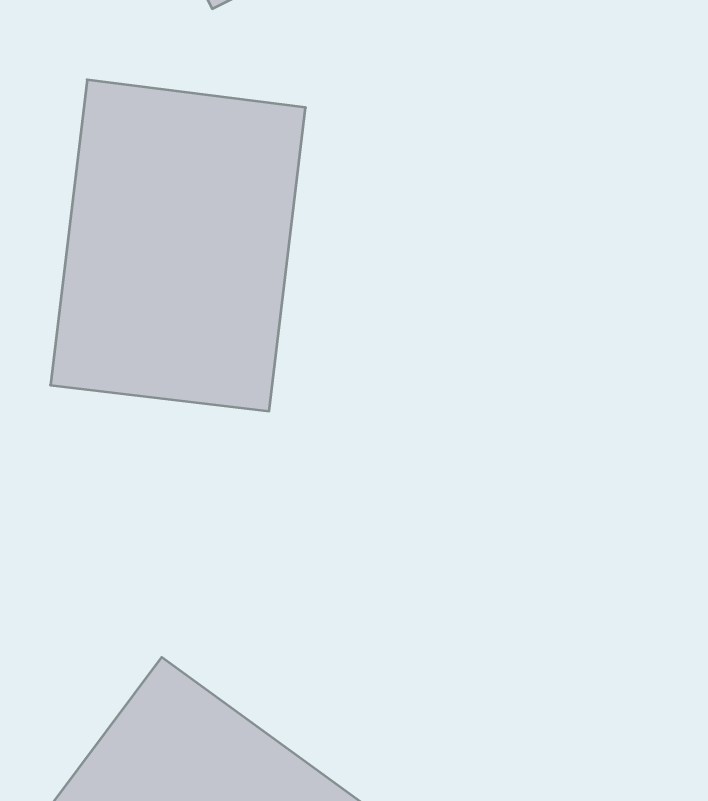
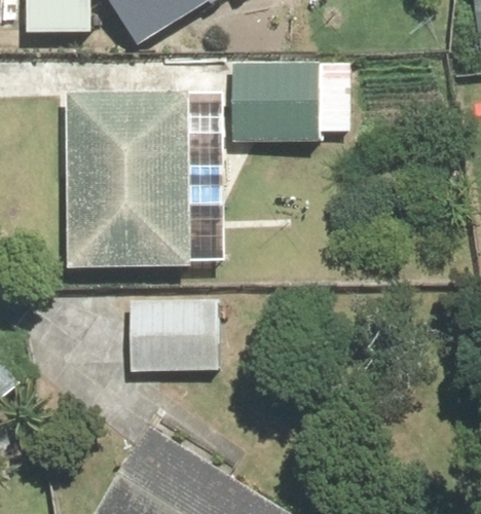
building: none -> [230,57,325,149]
building: none -> [128,287,225,373]

